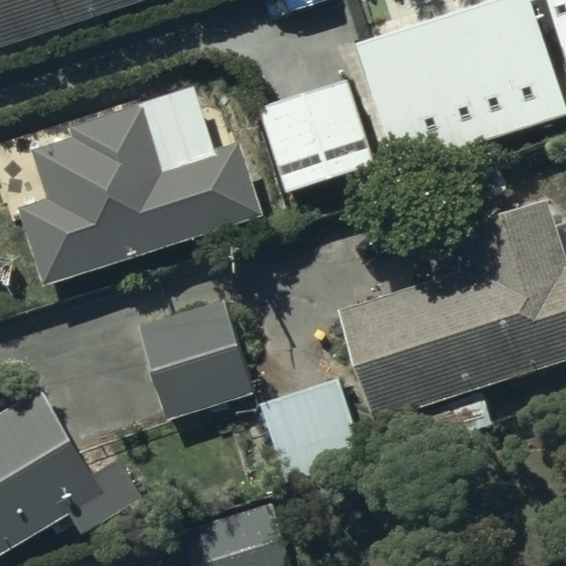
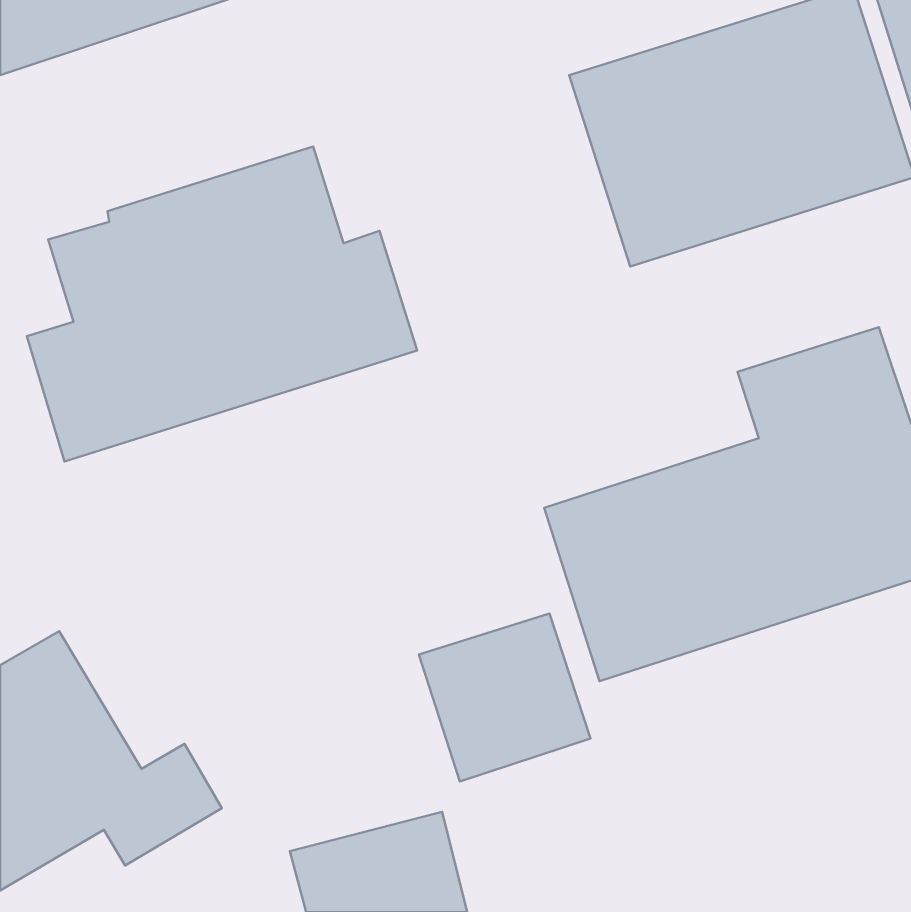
building: [258,78,374,191] -> none
building: [138,300,251,417] -> none

